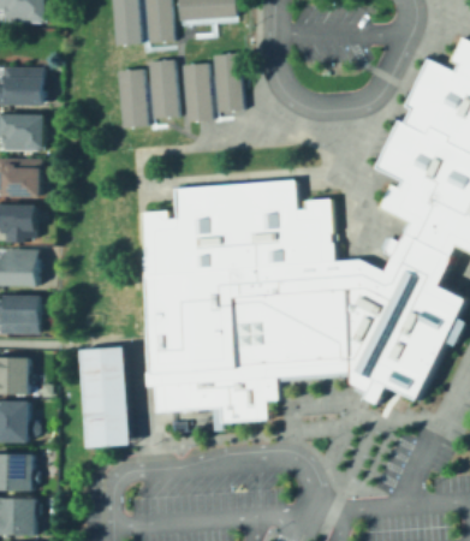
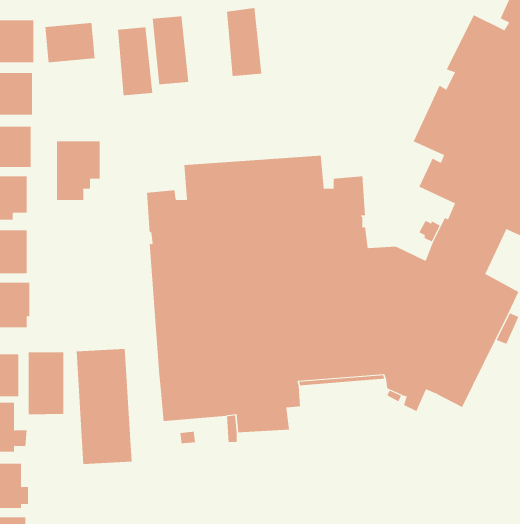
building: [180,65,212,124] -> none
building: none -> [45,22,95,63]
building: none -> [57,140,100,201]
building: none -> [28,351,64,415]

